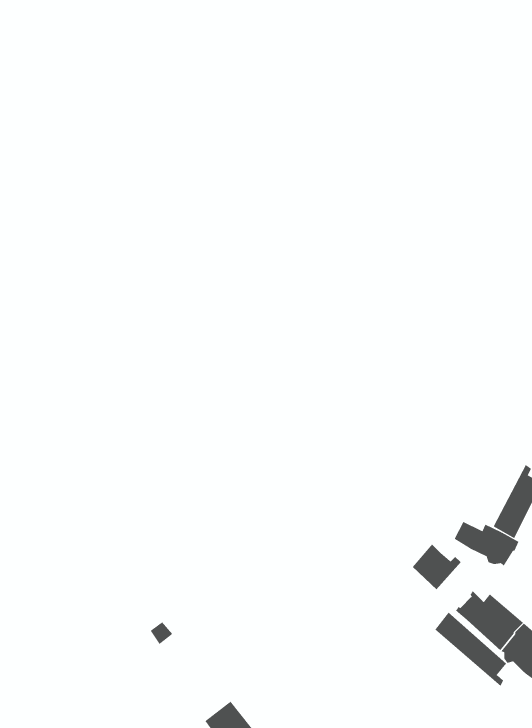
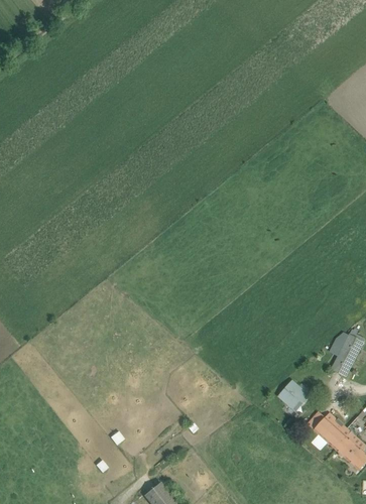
building: [454,521,519,566] -> none
building: [434,612,507,687] -> none

